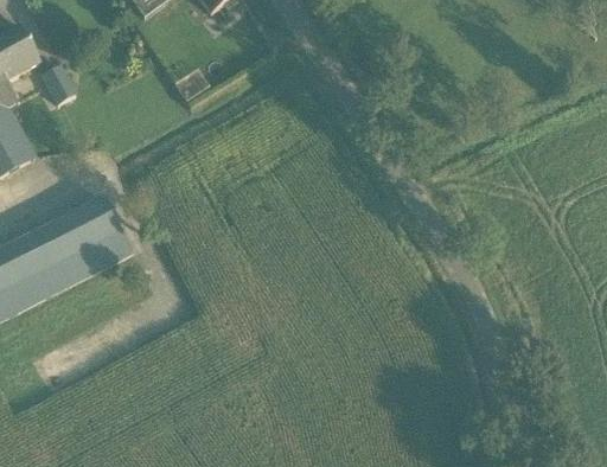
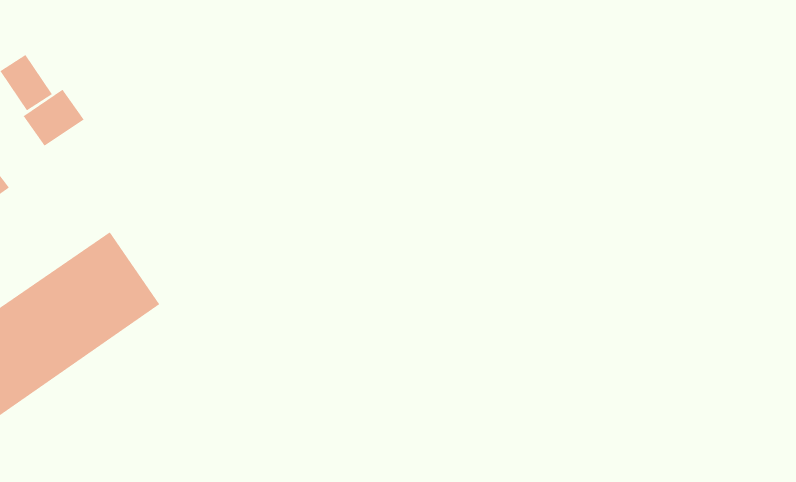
building: none -> [23,89,84,147]

